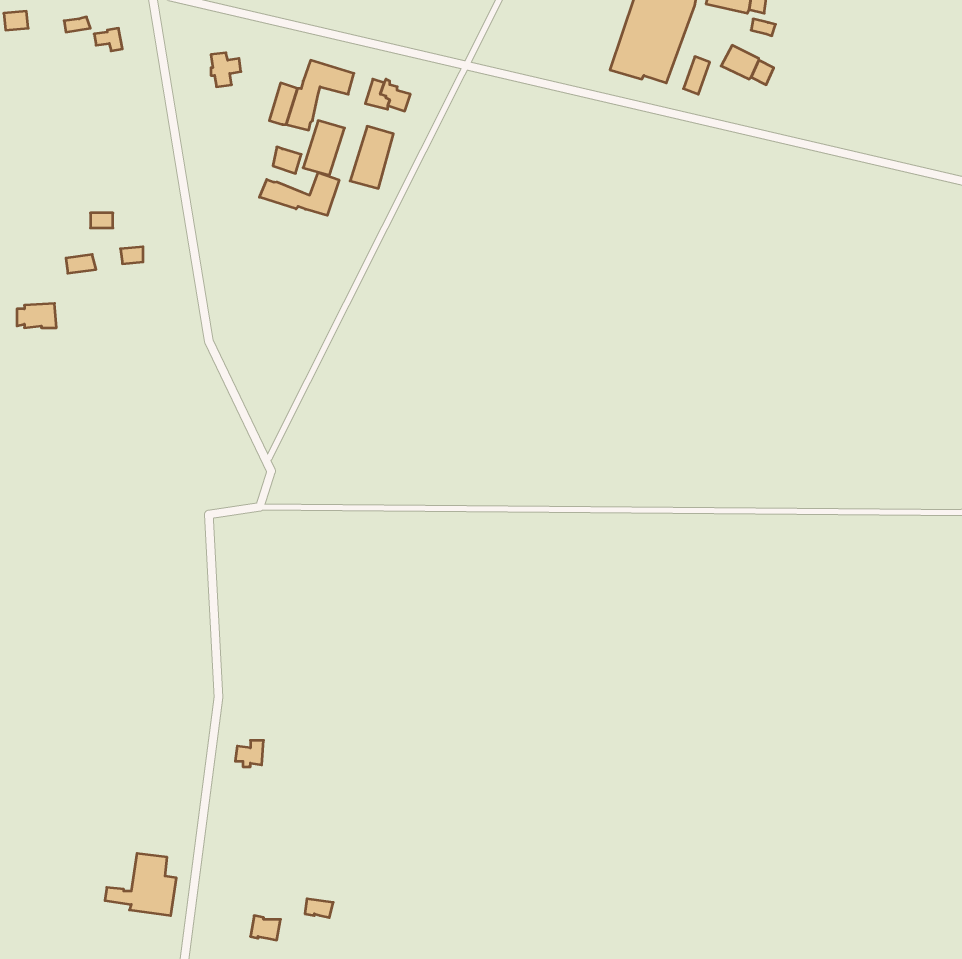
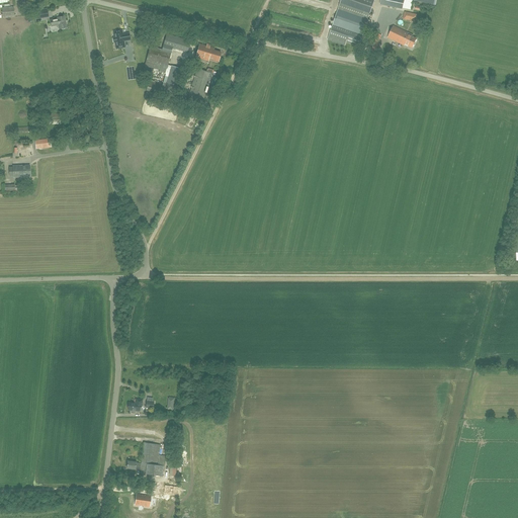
building: [259,173,339,215] -> none
building: [105,853,176,916] -> [126,441,165,474]

